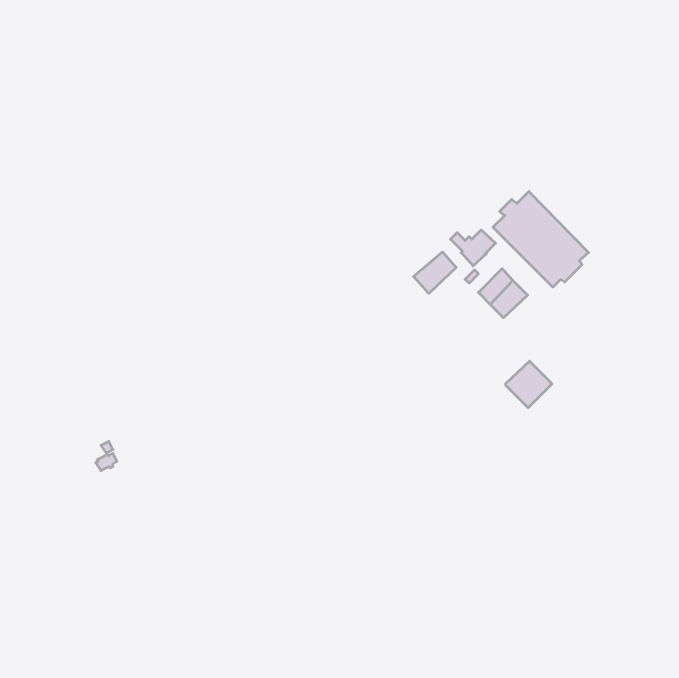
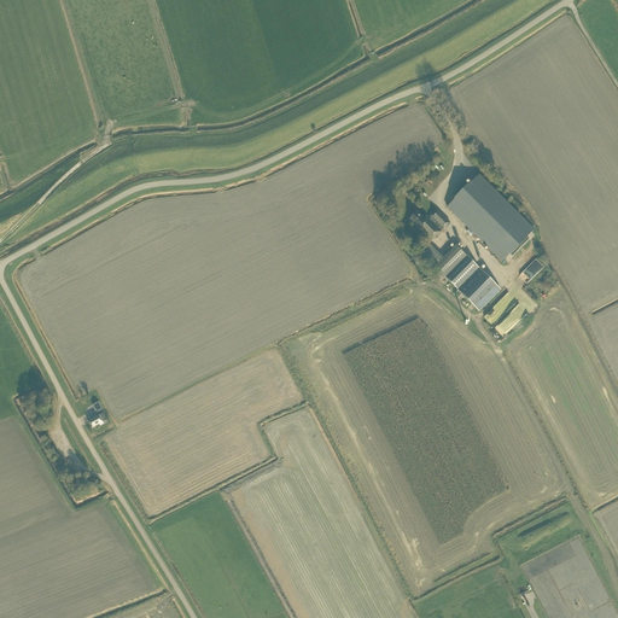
building: [414,252,456,293] -> none
building: [506,361,552,408] -> [457,268,500,310]

